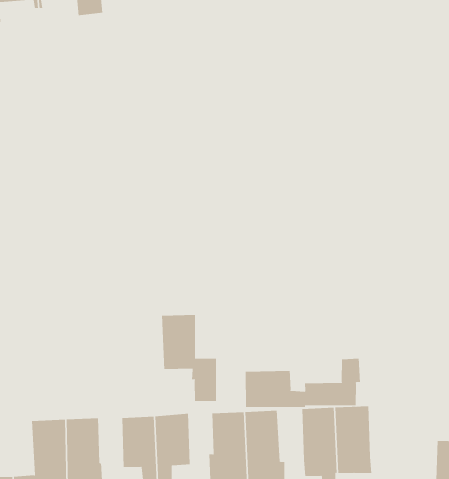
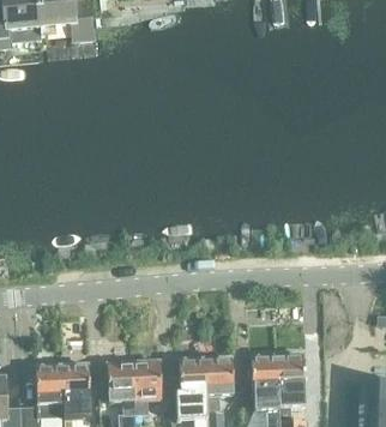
building: [161,314,217,402] -> none
building: [245,358,360,408] -> none

